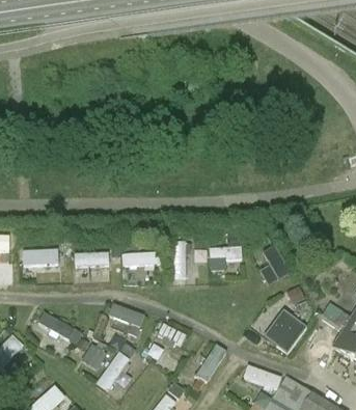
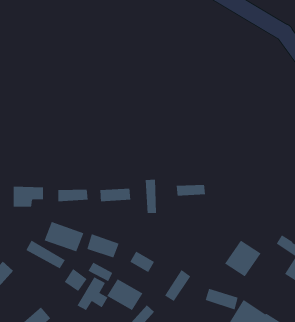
building: [261,245,290,285] -> none
building: none -> [44,221,84,252]
building: none -> [107,278,143,311]

